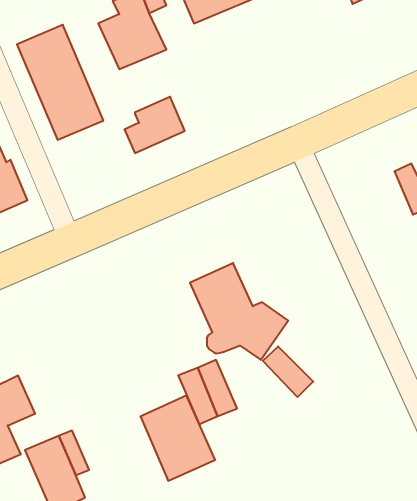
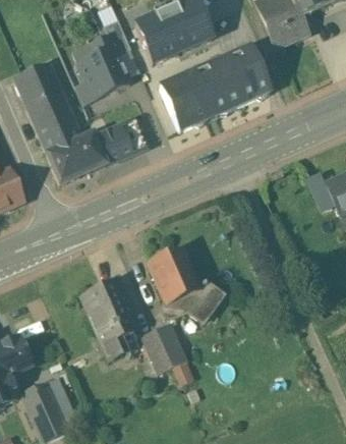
building: none -> [160,48,268,129]
building: none -> [46,132,105,182]
building: [263,346,313,397] -> none
building: [140,396,215,481] -> [80,279,138,345]

